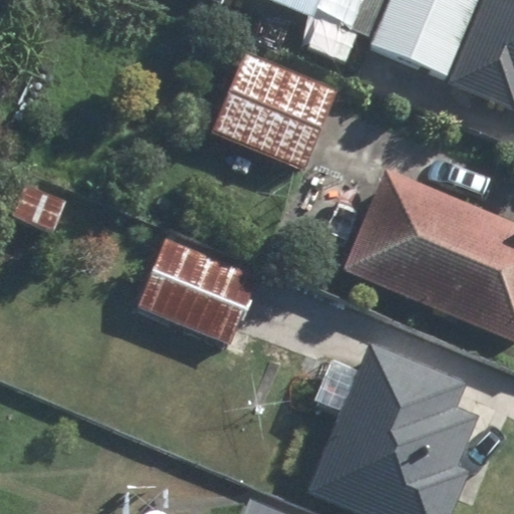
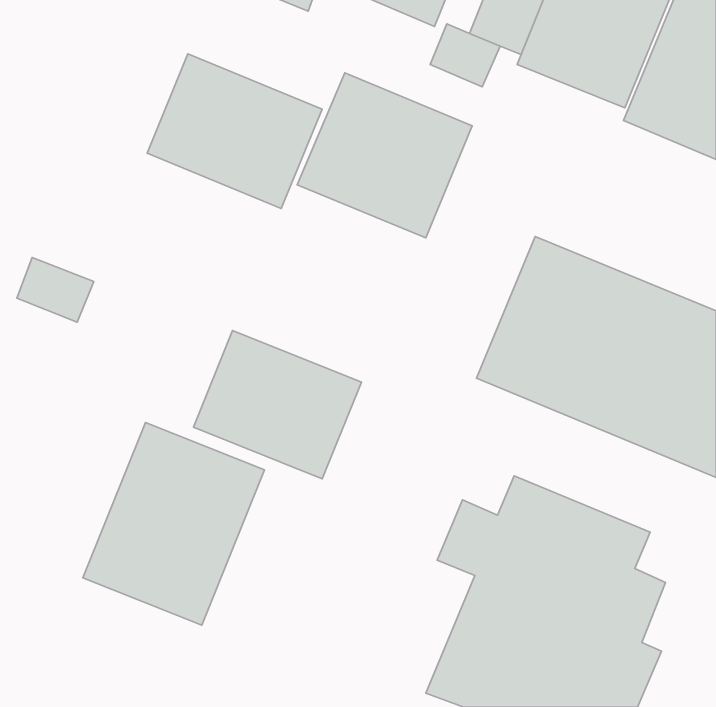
building: none -> [147,54,322,209]
building: none -> [83,423,264,625]

